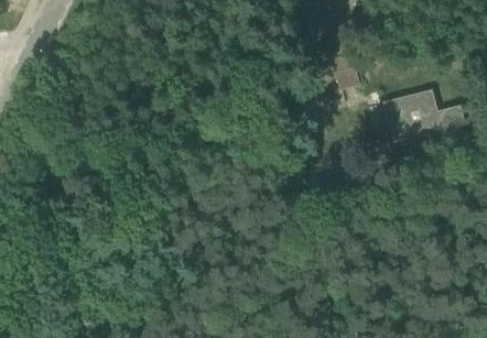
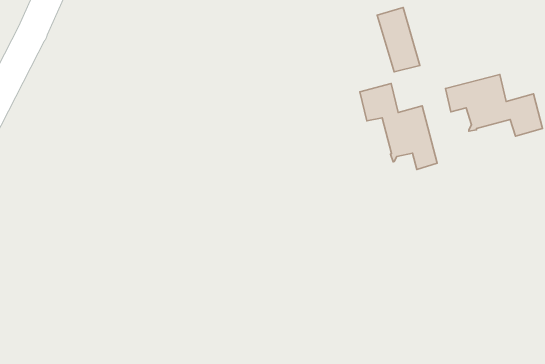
building: none -> [360,84,437,170]

